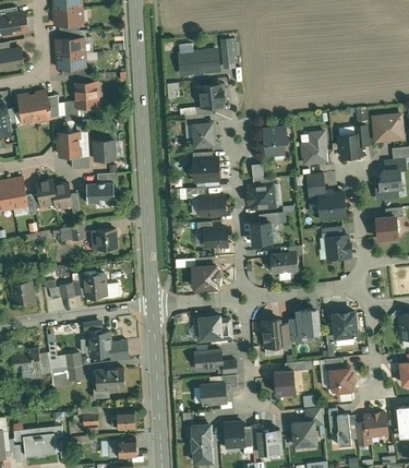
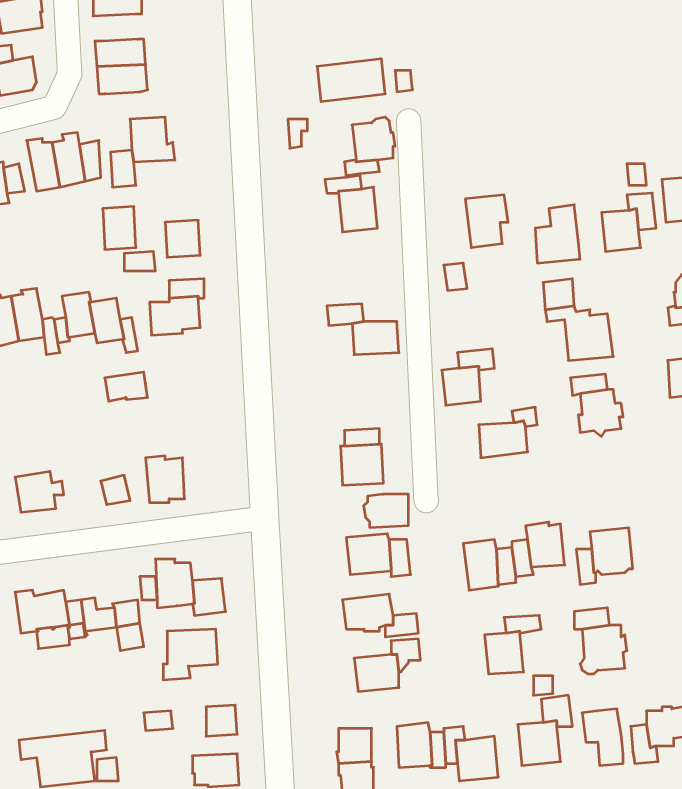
building: [190,158,219,181] -> none
building: [248,185,274,209] -> none
building: [202,229,227,248] -> [364,494,408,527]
building: [92,230,117,251] -> none

